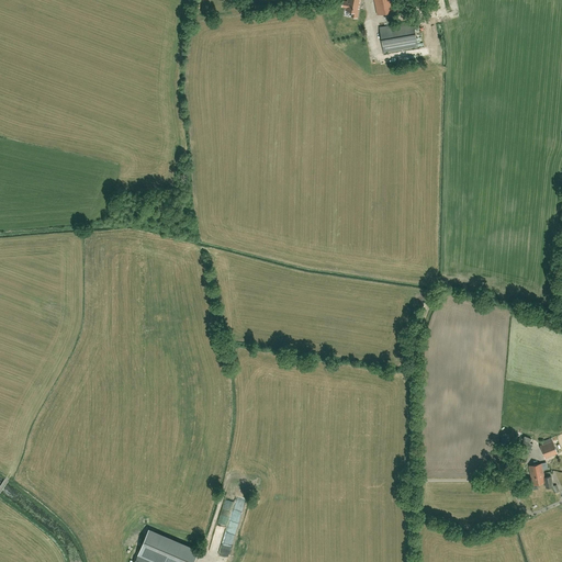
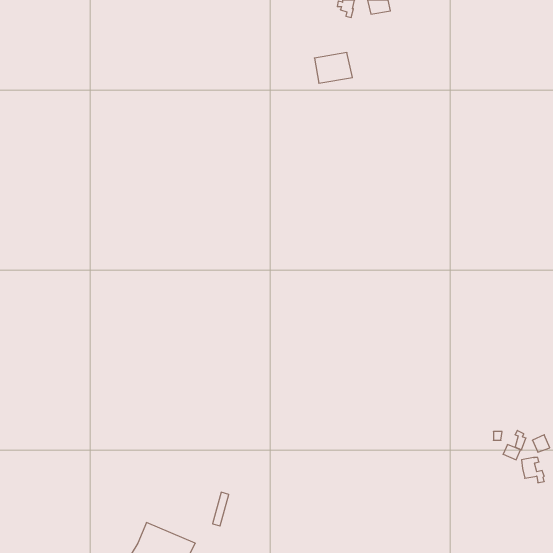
building: [379,23,417,54] -> [314,53,352,83]

